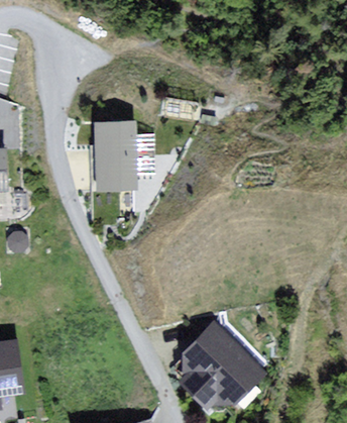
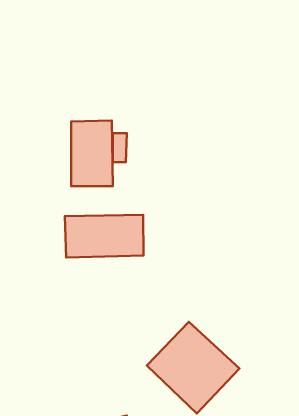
building: none -> [65,215,143,258]

